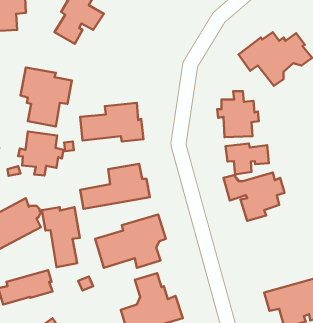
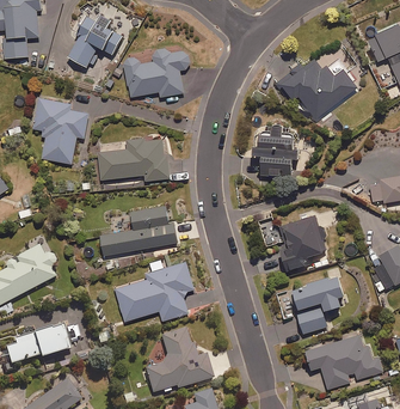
building: none -> [123,48,190,98]
building: [18,132,63,175] -> none
building: [225,144,269,174] -> none
building: [42,207,80,267] -> none
building: none -> [291,274,343,334]

